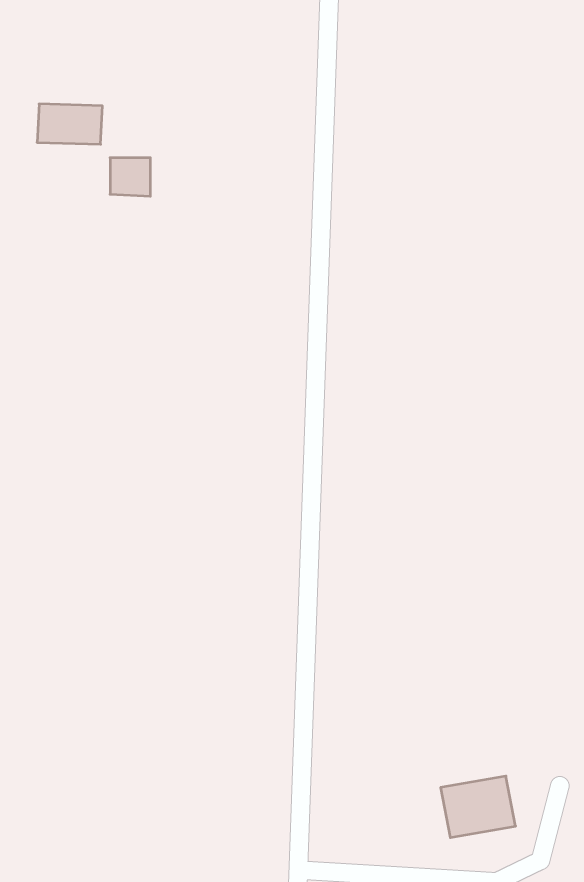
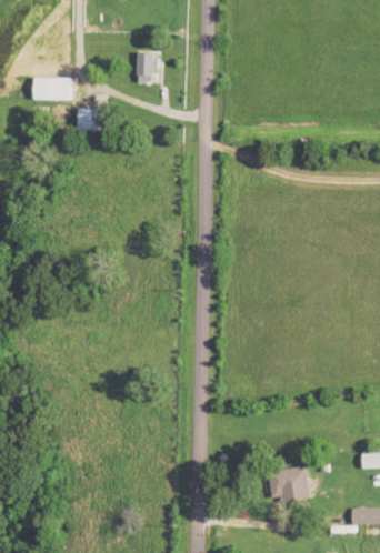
building: none -> [137,52,153,82]

